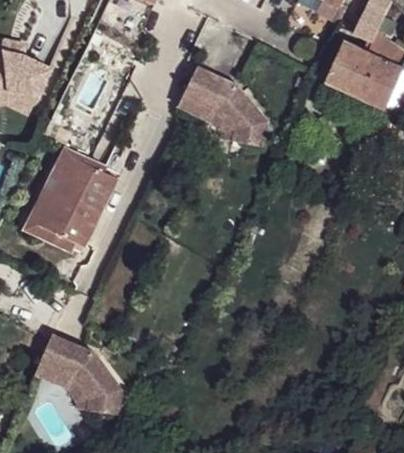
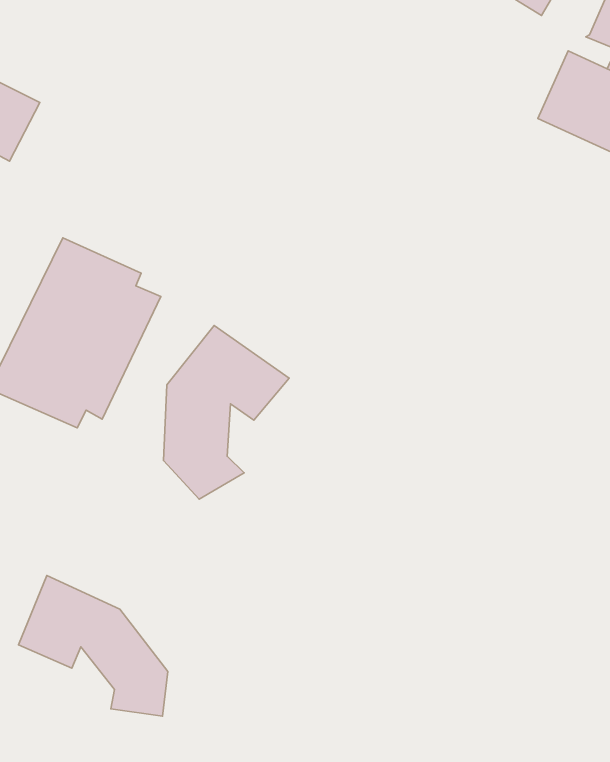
building: [179,68,266,146] -> none
building: none -> [163,326,289,499]

